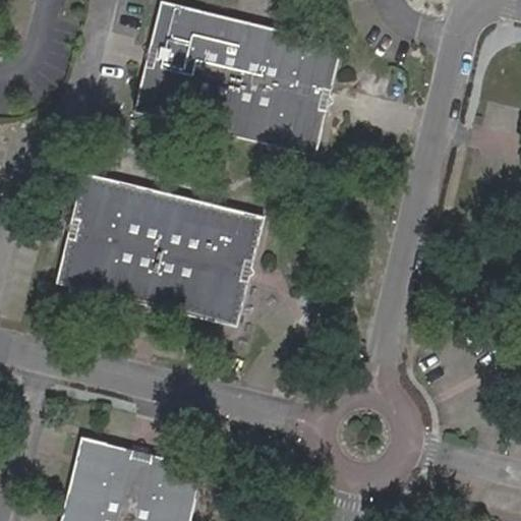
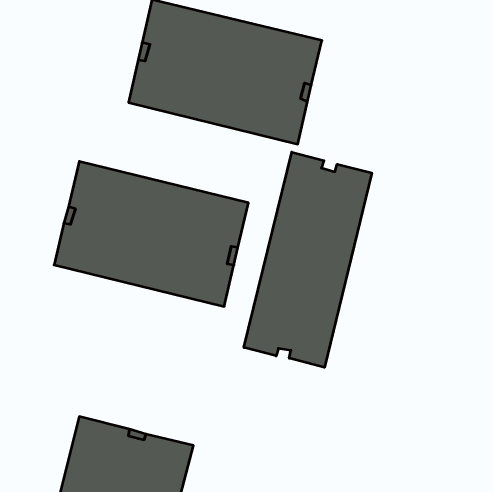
building: none -> [244,152,372,367]

